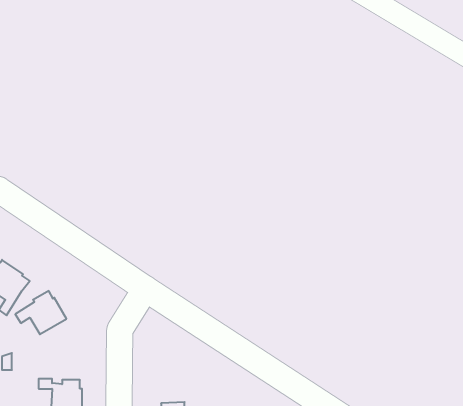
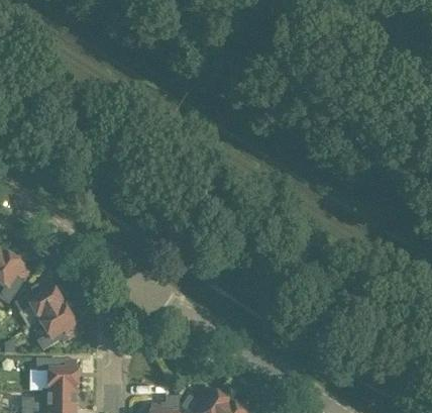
building: none -> [37,304,78,347]

